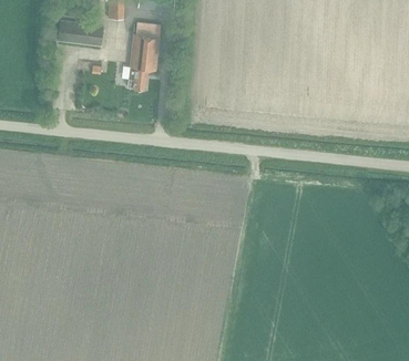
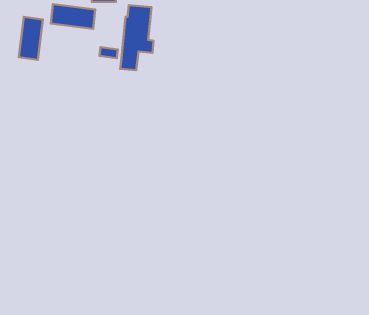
building: none -> [19,17,43,60]

